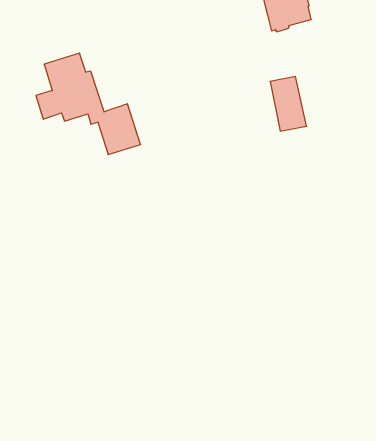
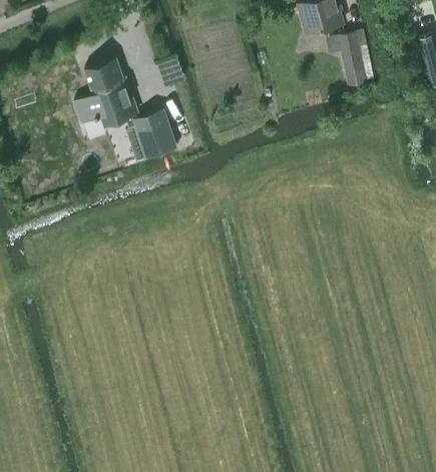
building: [270,77,307,131] -> [337,32,373,86]

